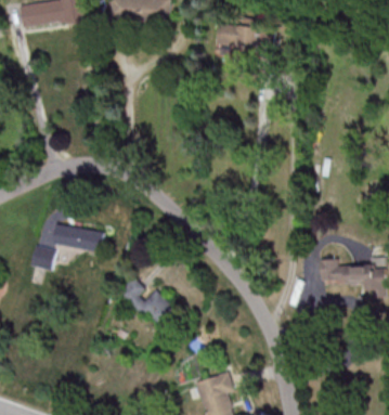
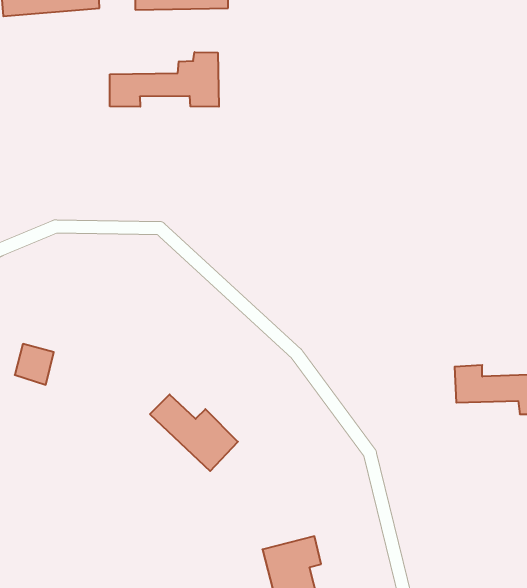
building: [217,25,260,52] -> none
building: none -> [110,52,219,107]
building: [52,223,104,251] -> none

